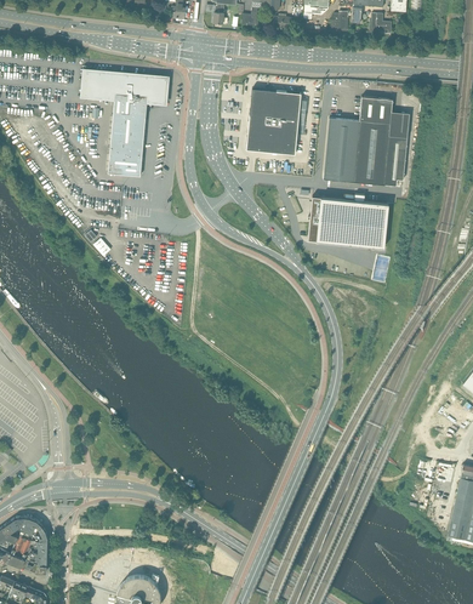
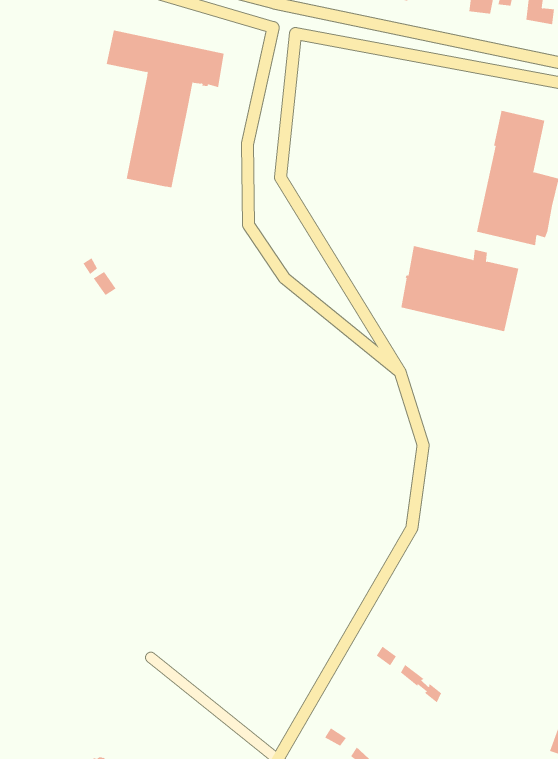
building: [246,87,301,153] -> none
building: [324,116,360,181] -> none

